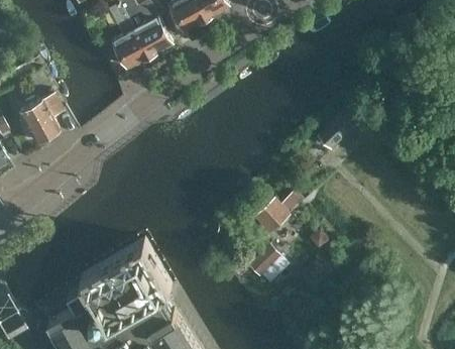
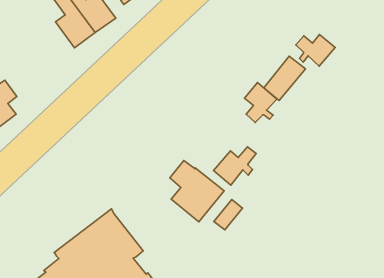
building: none -> [296,34,335,66]
building: none -> [244,82,277,123]
building: none -> [170,161,224,222]

